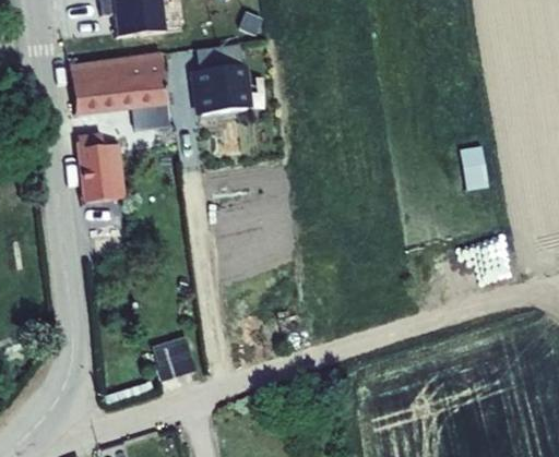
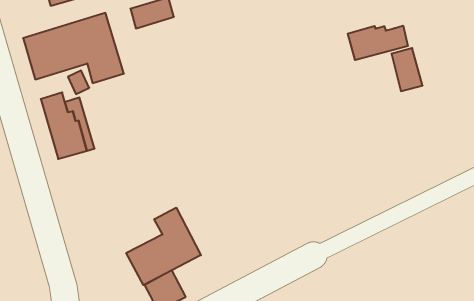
building: [188,69,243,119] -> none
building: none -> [348,26,408,60]
building: none -> [126,208,201,285]

